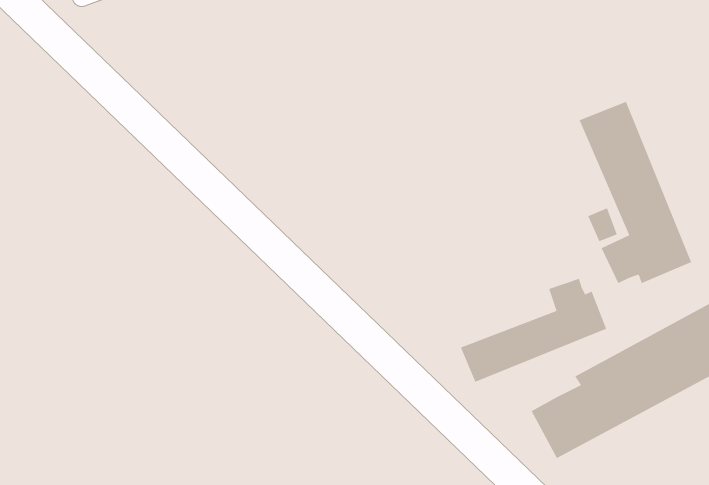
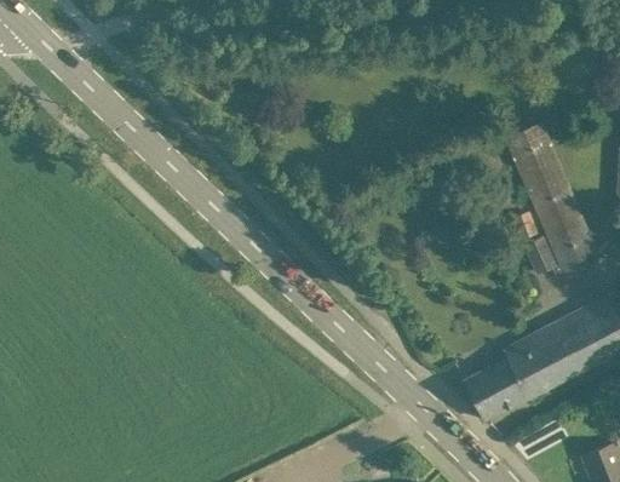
building: [460,278,607,383] -> none

